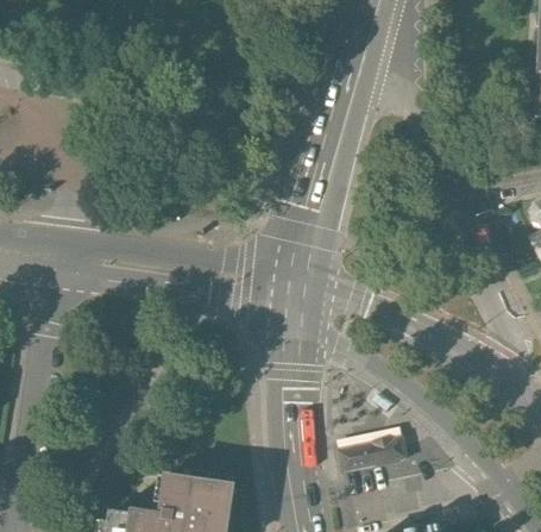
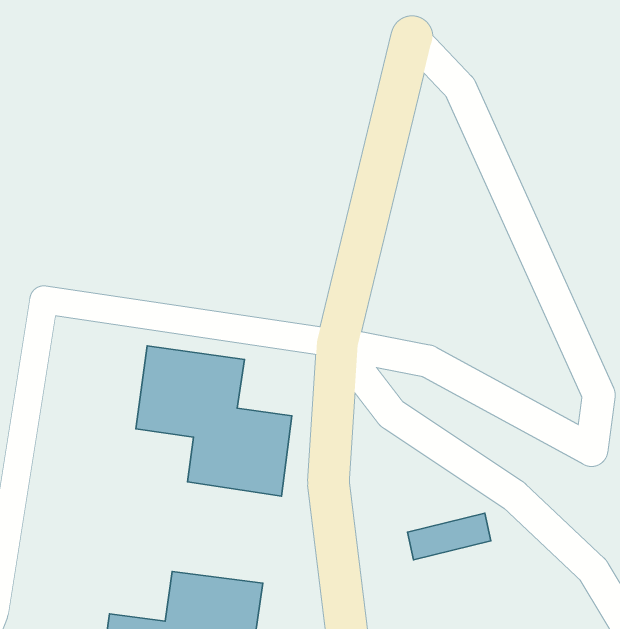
building: none -> [136,346,292,496]

